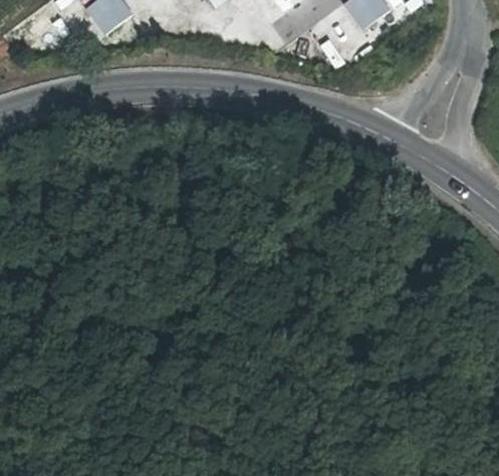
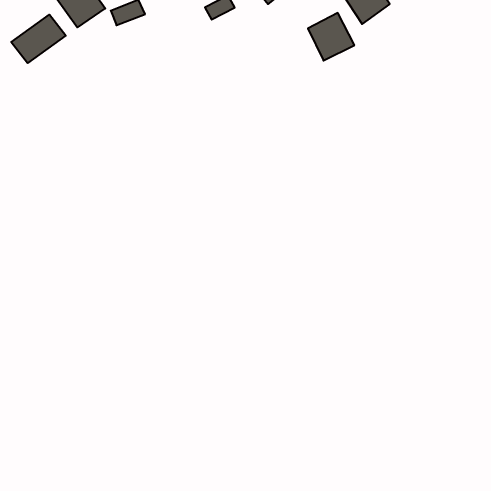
building: none -> [11,15,66,63]

